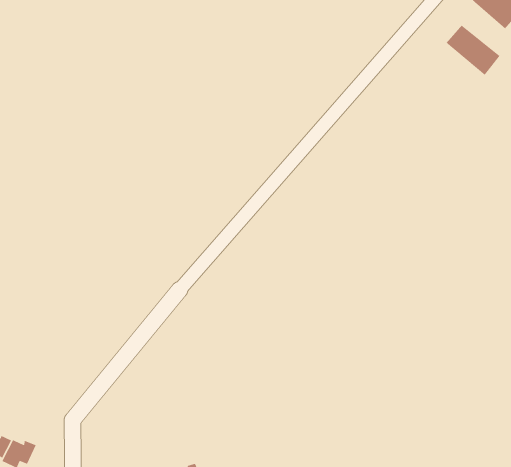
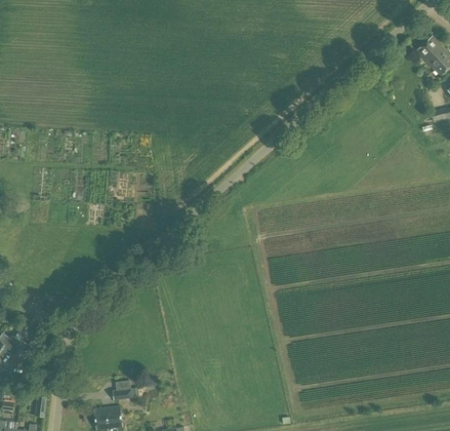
building: [446,24,500,76] -> none

